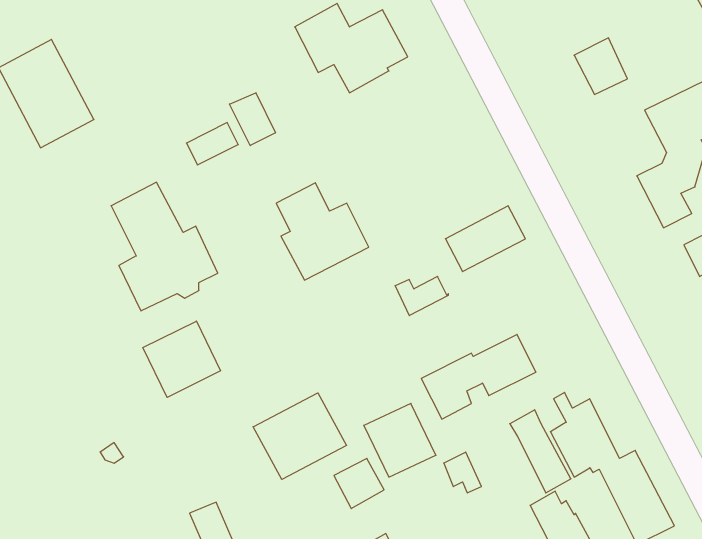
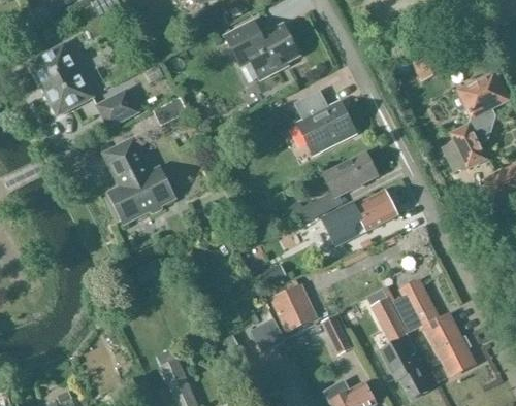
building: [229,93,275,146] -> none
building: none -> [97,90,138,127]
building: [276,183,369,280] -> [294,89,355,153]
building: [143,321,220,397] -> none
building: [421,334,536,419] -> [322,190,397,245]
building: [253,393,347,479] -> none

